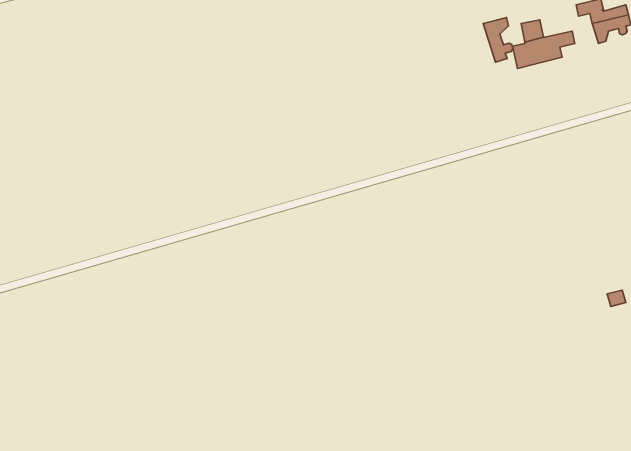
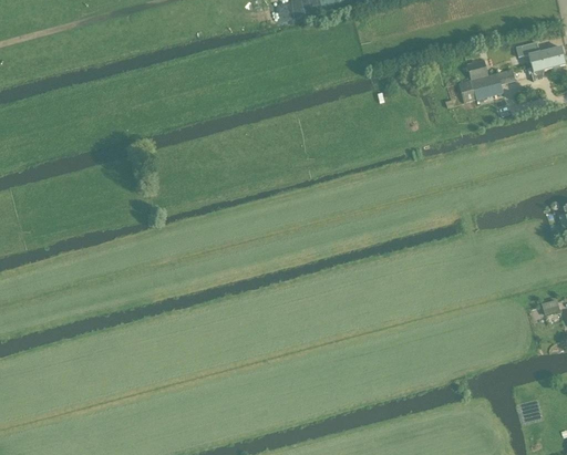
building: [483,17,513,62] -> none

